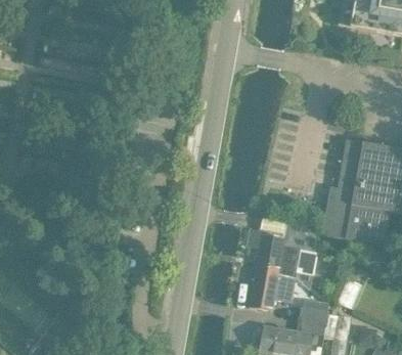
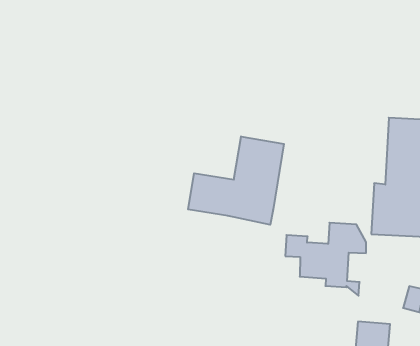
building: none -> [188,136,284,225]
building: [251,262,297,309] -> none

